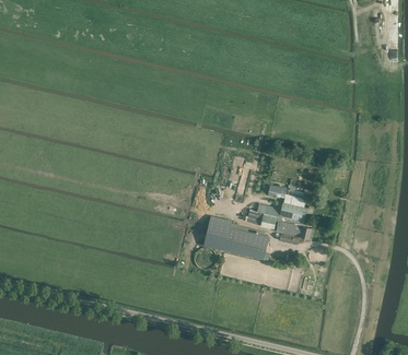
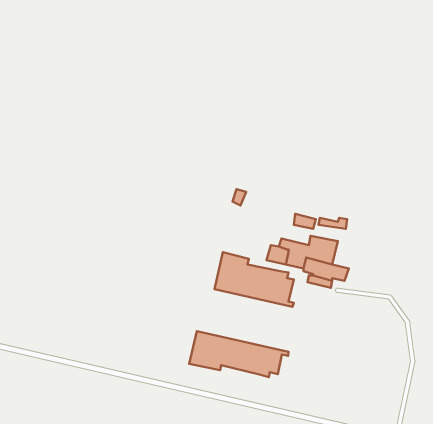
building: none -> [189,331,289,377]

